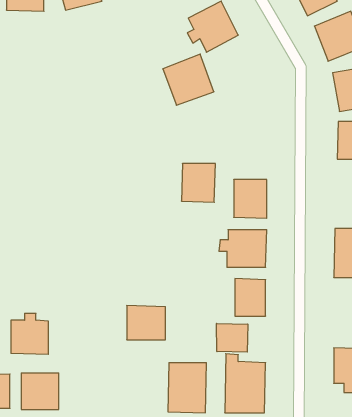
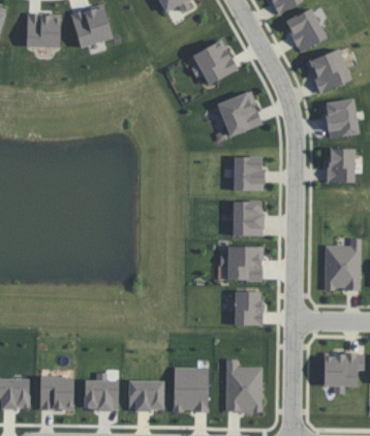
building: [163,54,214,105] -> [216,90,263,136]
building: [181,164,215,202] -> [233,156,264,191]
building: [127,306,165,340] -> [128,379,163,410]
building: [11,313,48,354] -> [84,373,118,410]
building: [217,323,248,352] -> none

